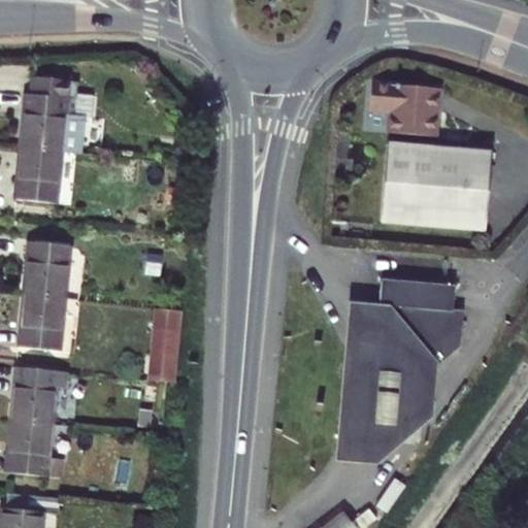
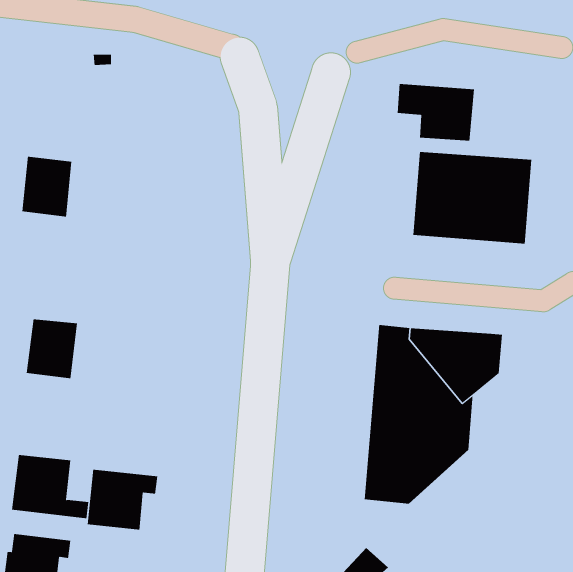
building: [25,82,88,155] -> none
building: [30,244,76,300] -> none
building: [374,279,451,309] -> none
building: [145,314,185,386] -> none
building: [16,369,81,425] -> [87,469,158,530]

